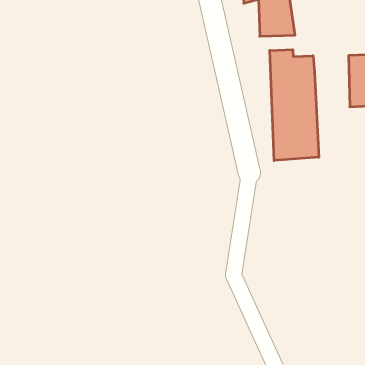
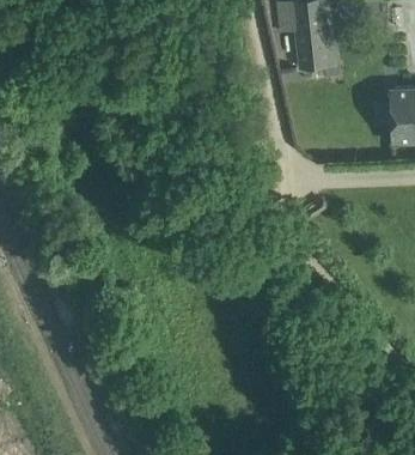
building: [270,50,319,161] -> none

